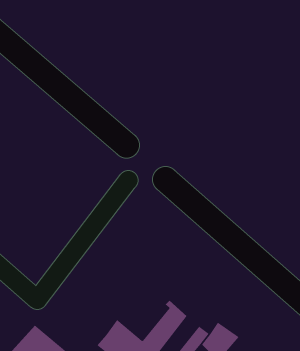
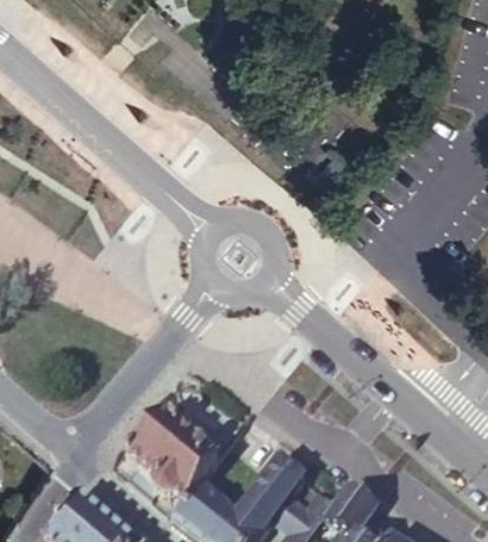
building: none -> [125,411,218,505]

